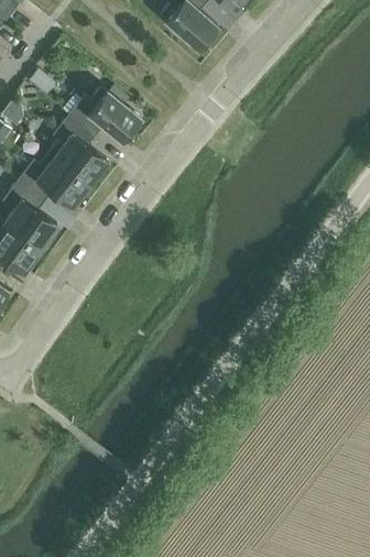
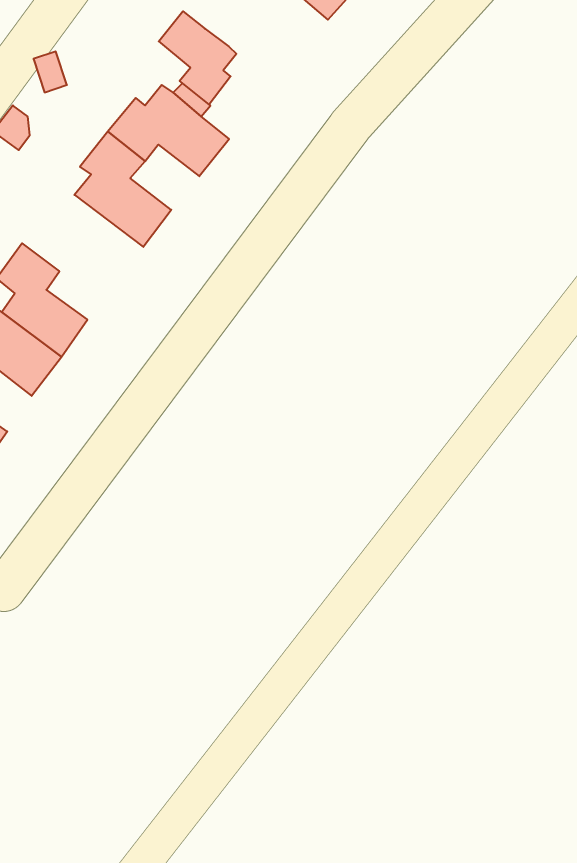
building: none -> [159,11,236,104]
building: [19,154,90,207] -> none

